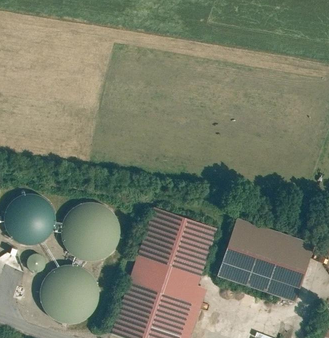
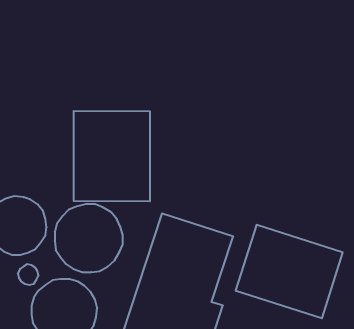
building: none -> [74,111,150,201]

